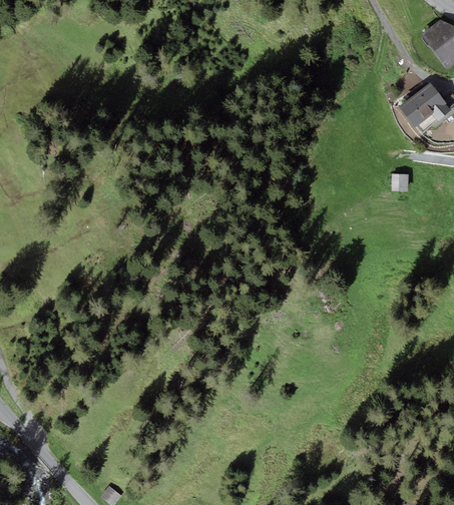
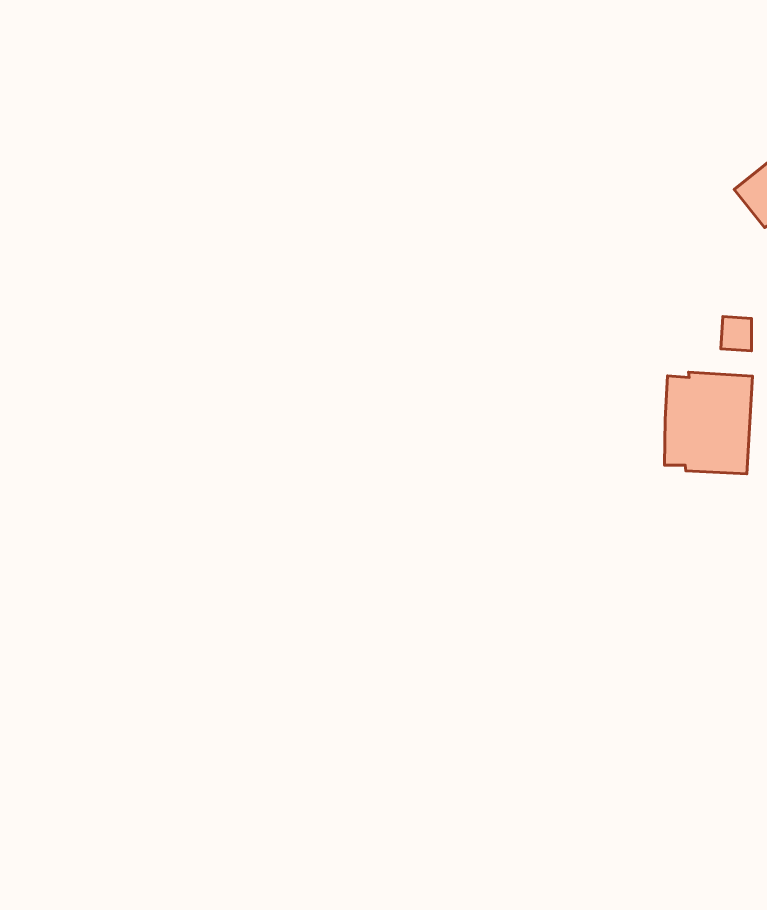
building: none -> [665,372,752,474]

